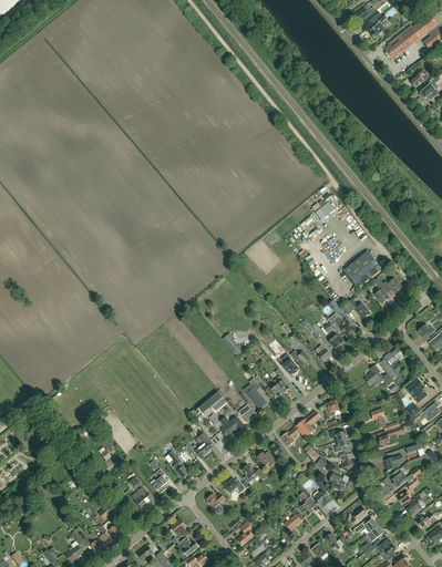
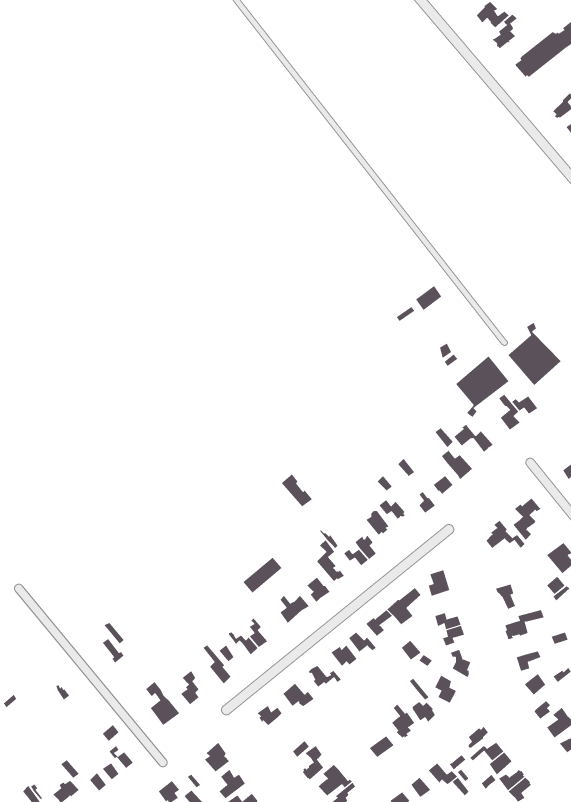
building: none -> [507,322,561,386]

